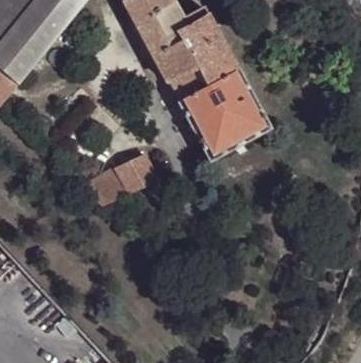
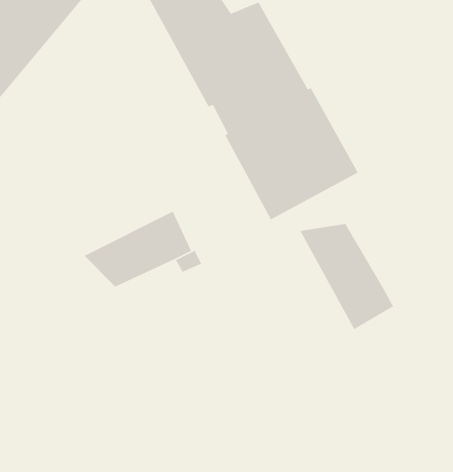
building: none -> [299,223,394,330]

